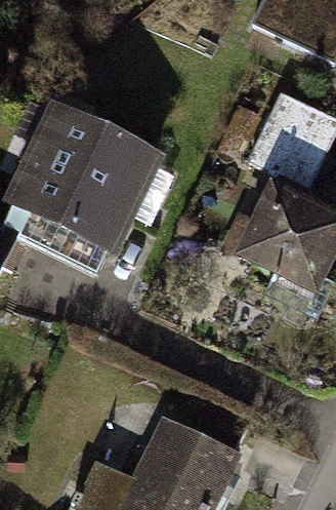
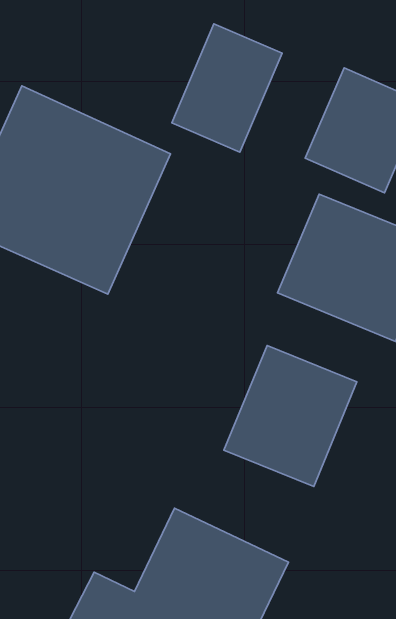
building: none -> [172,24,282,152]
building: none -> [224,346,357,486]

